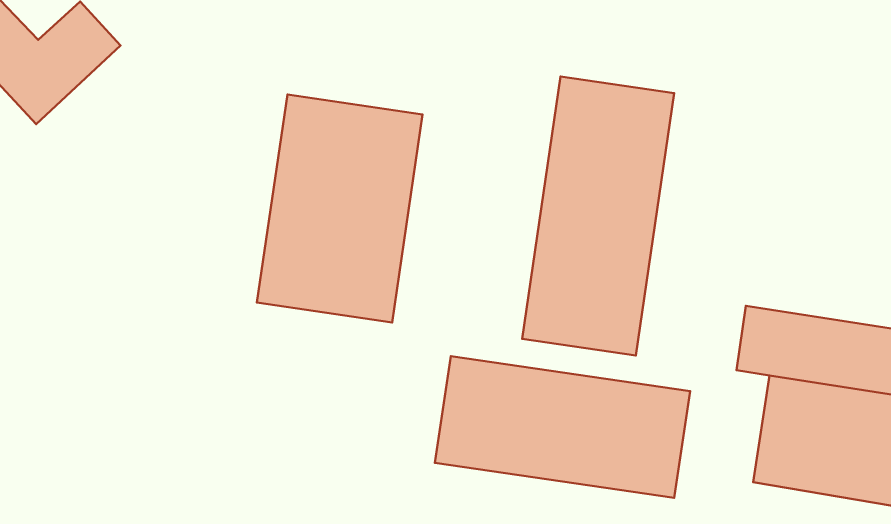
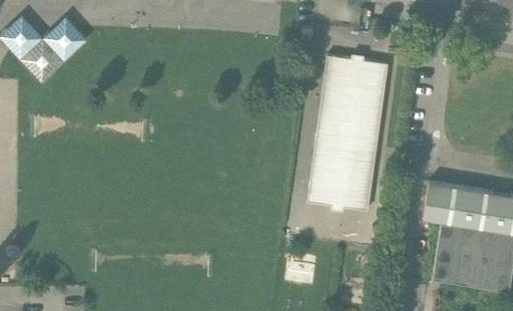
building: [257,95,423,323] -> none
building: [435,356,690,498] -> none

